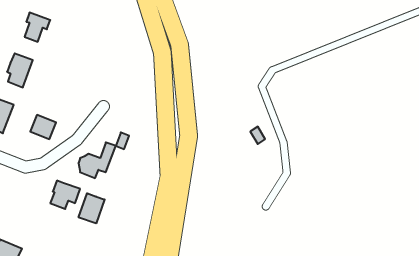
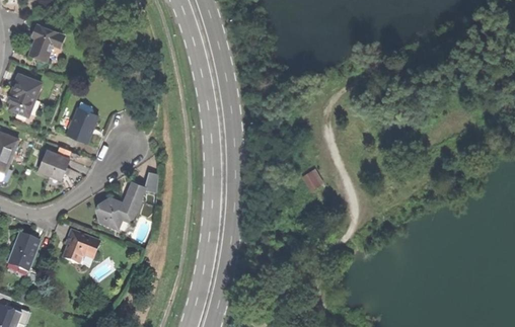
building: none -> [67,111,97,142]
building: none -> [7,234,39,272]
building: [79,193,105,223] -> none

